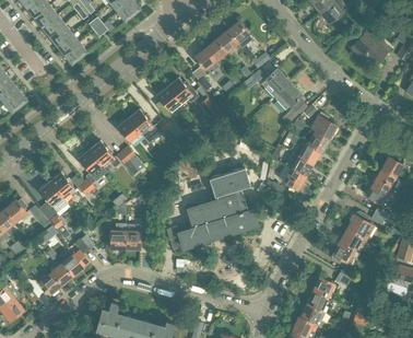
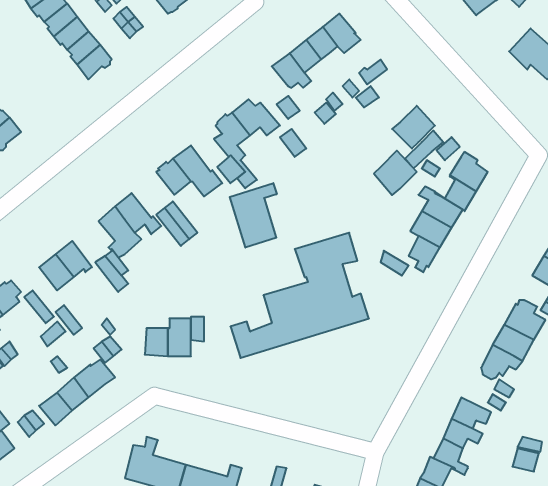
building: [261,69,290,98] -> [374,151,417,195]
building: none -> [230,183,277,248]

